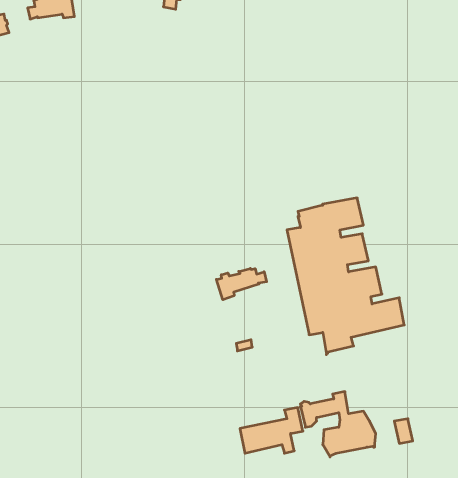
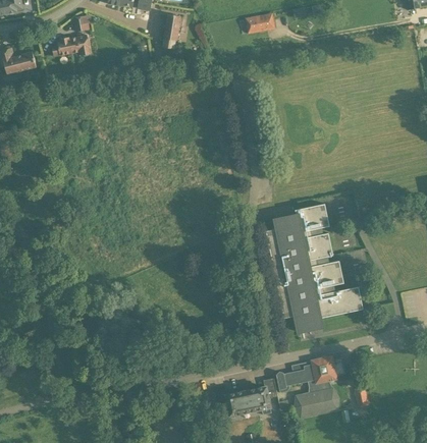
building: [216,268,267,300] -> none
building: none -> [313,356,344,382]

